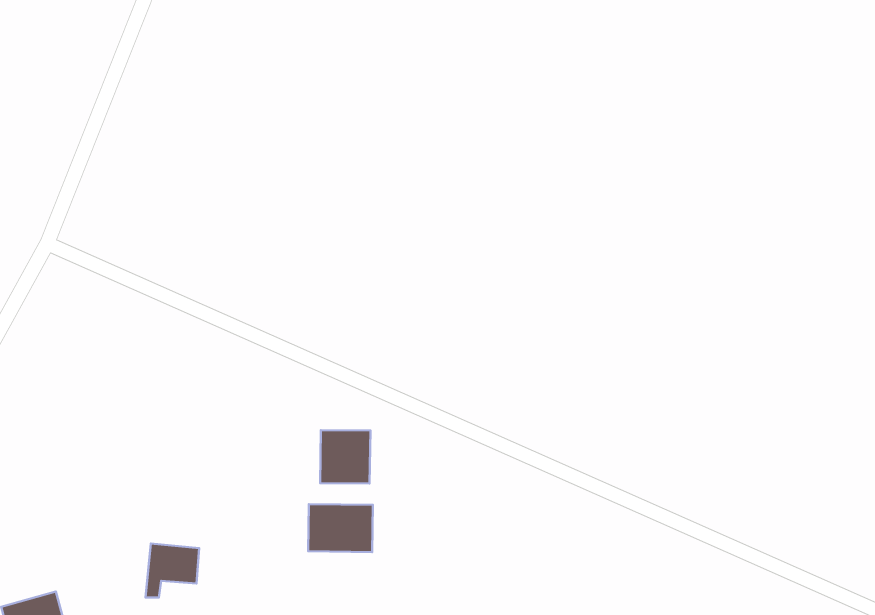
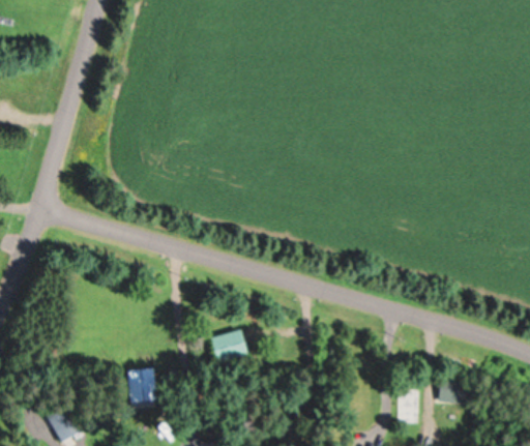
building: [320,430,370,483] -> none

